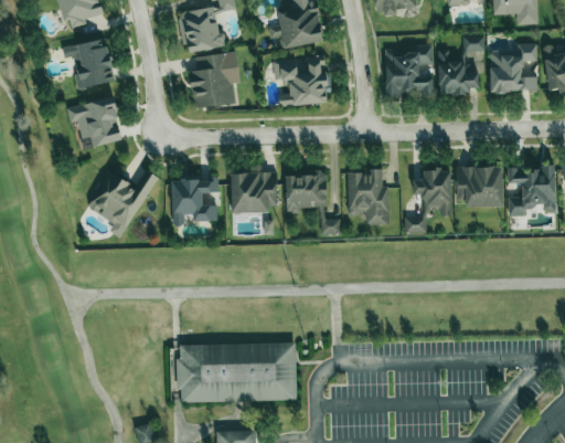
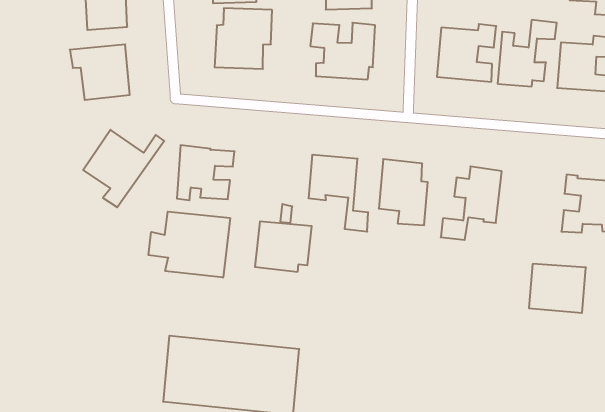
building: [456,165,503,205] -> [529,264,586,313]
building: [232,171,277,212] -> [255,221,312,272]
building: none -> [148,212,230,278]

